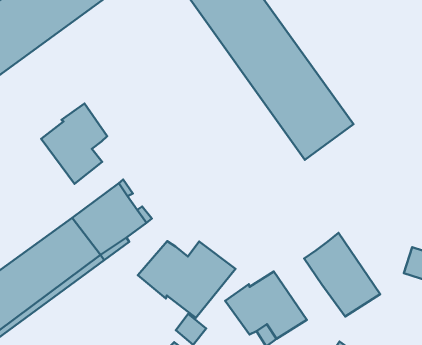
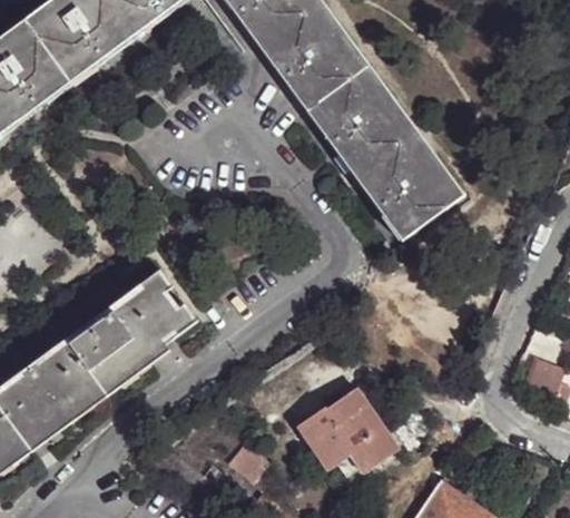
building: [41,104,107,184] -> none
building: [304,233,380,317] -> none
building: [138,241,235,318] -> none

